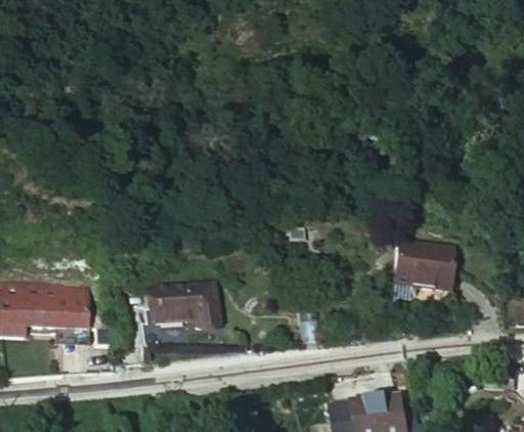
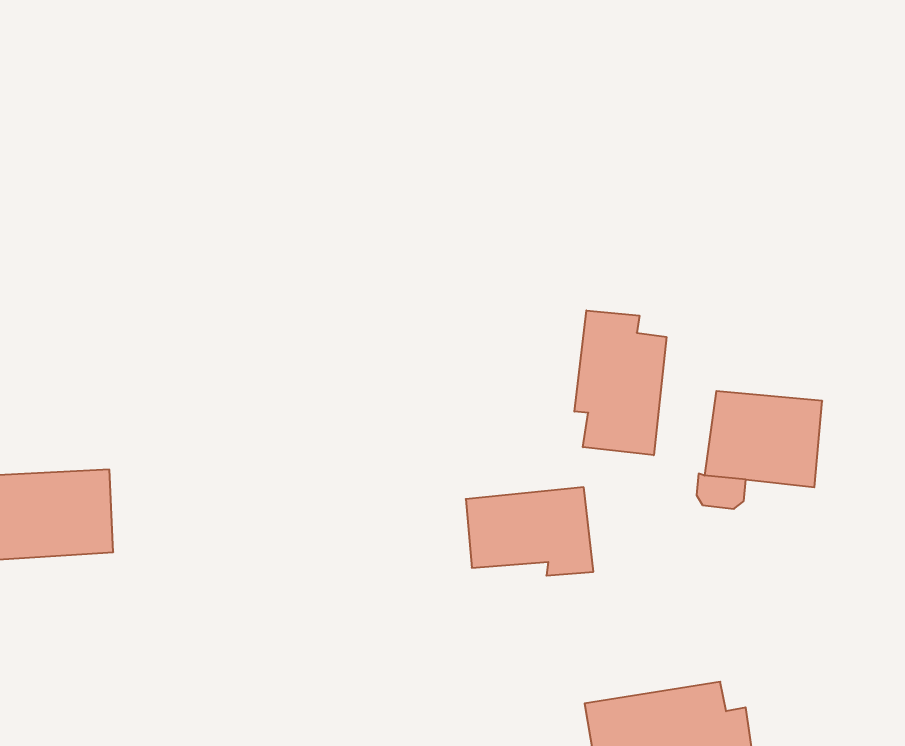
building: none -> [574,310,666,455]
building: [154,280,220,327] -> [466,487,593,576]

